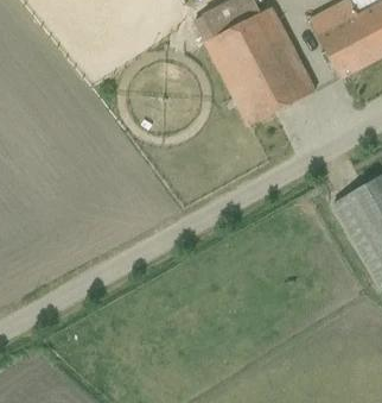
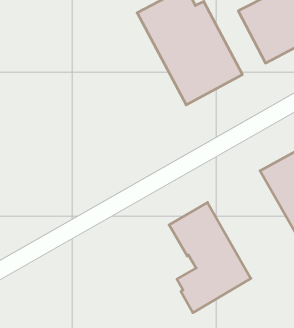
building: none -> [169,202,251,313]

